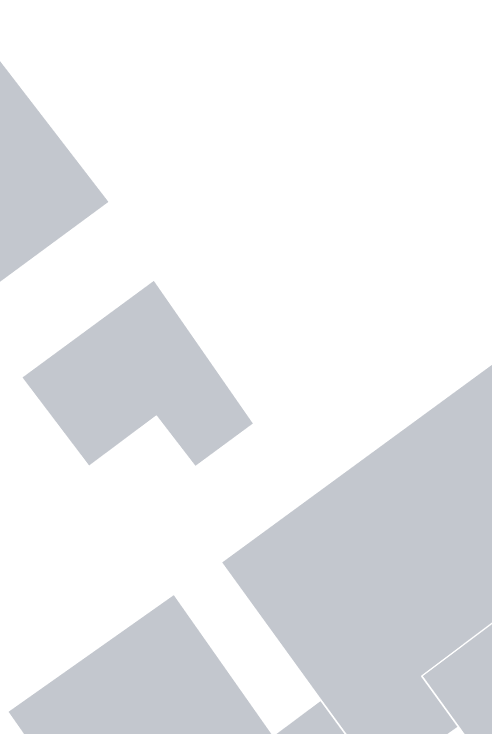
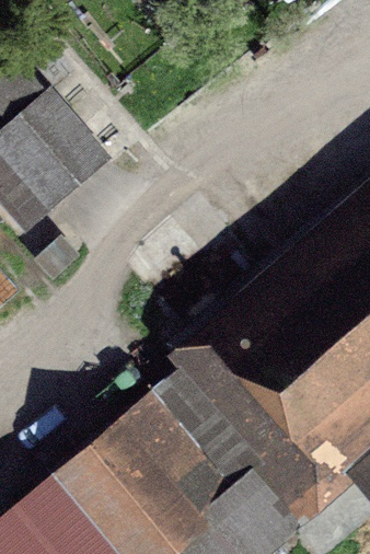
building: [22,280,254,467] -> none

